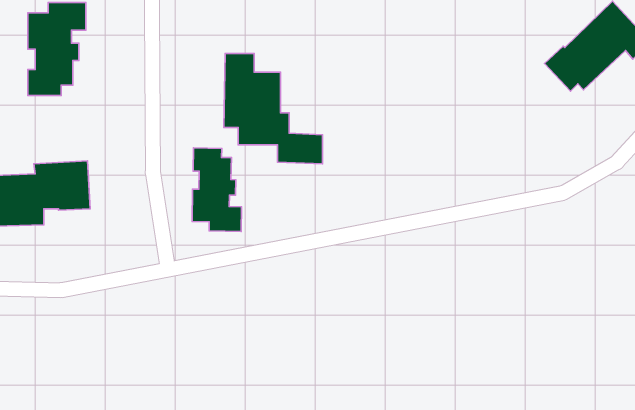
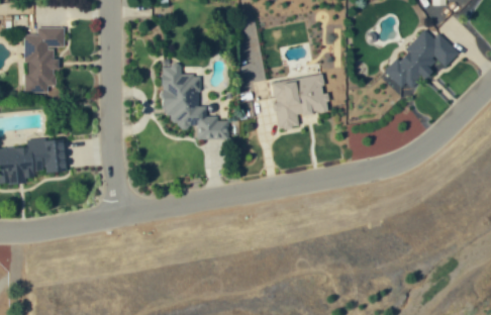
building: none -> [271,74,328,128]
building: [192,148,241,231] -> none

